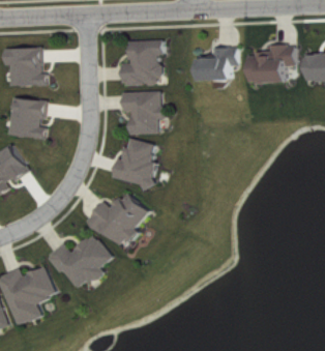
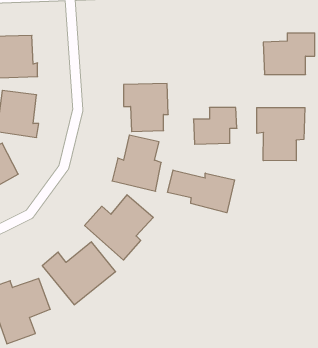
building: [120,40,163,85] -> none
building: [199,48,238,81] -> [193,108,237,144]
building: none -> [257,108,305,161]
building: none -> [168,170,235,213]

